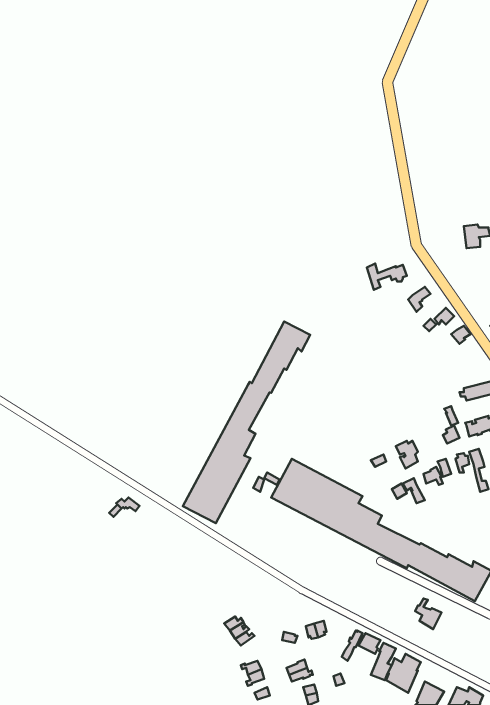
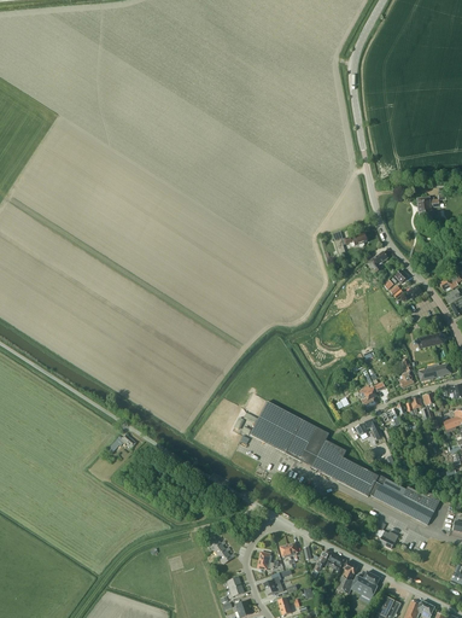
building: [183,321,310,523] -> none

